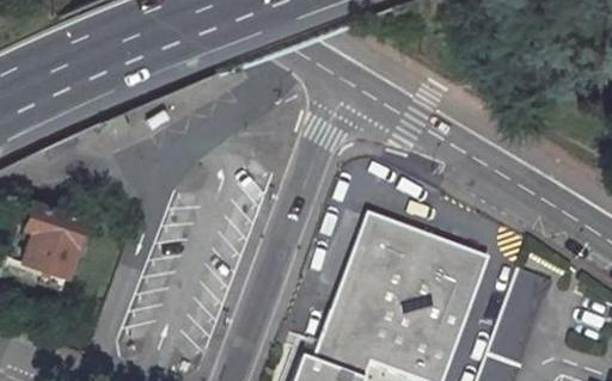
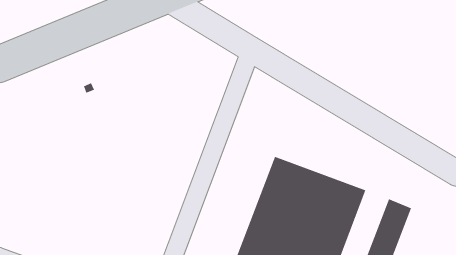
building: [24,204,86,279] -> none

